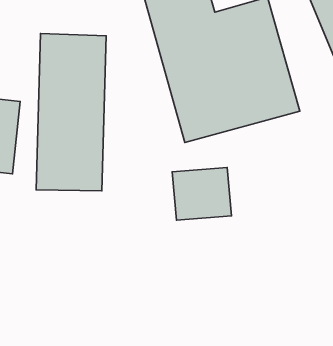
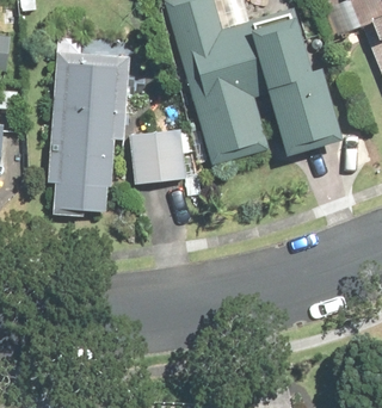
building: [172,167,231,220] -> [133,129,198,187]

